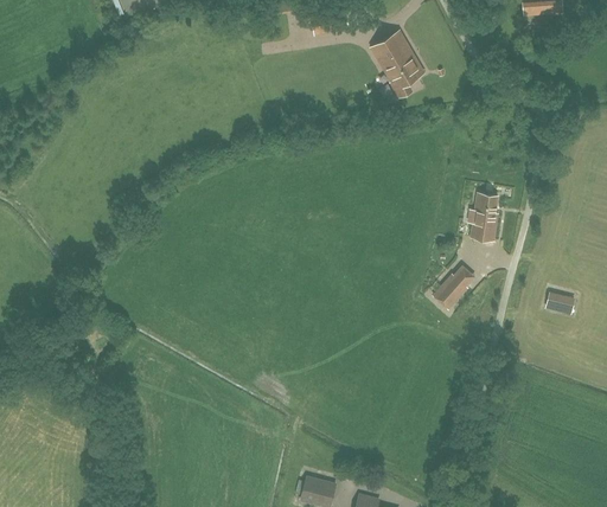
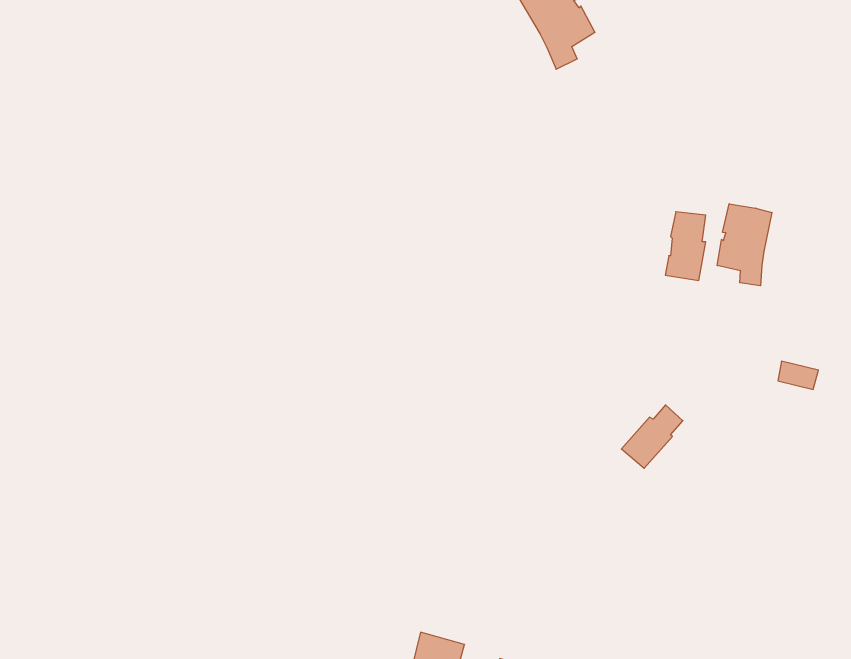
building: none -> [717,204,772,286]
building: [433,265,474,308] -> [621,405,683,468]

